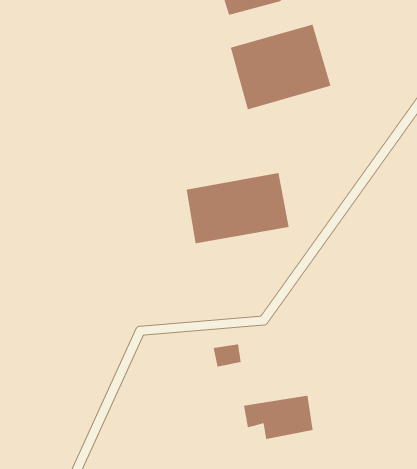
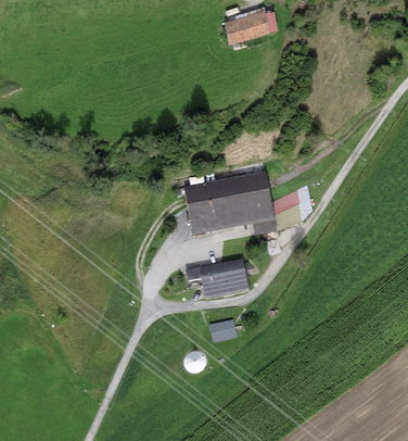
building: [230,24,331,110] -> none
building: [243,395,313,439] -> [188,262,246,299]

